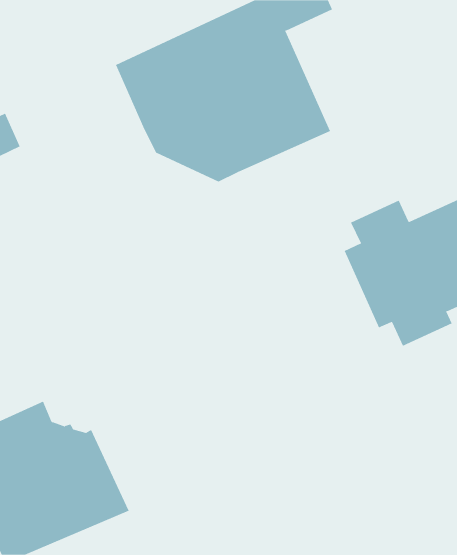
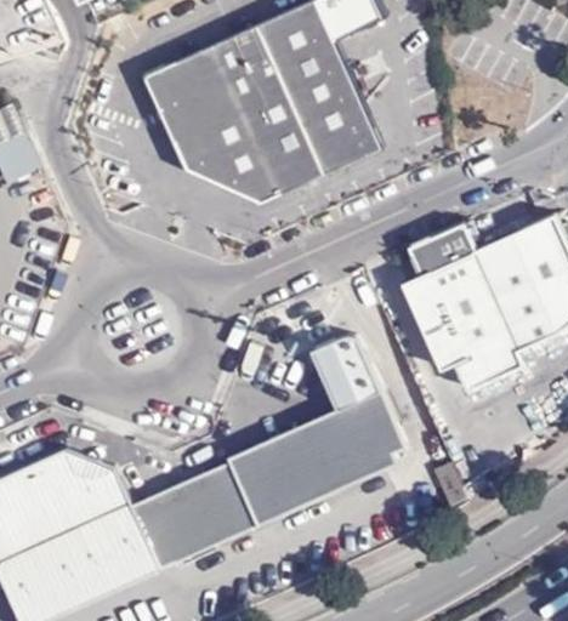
building: none -> [130,335,404,570]

